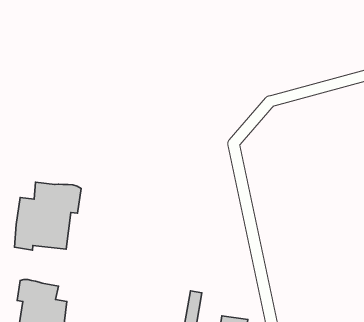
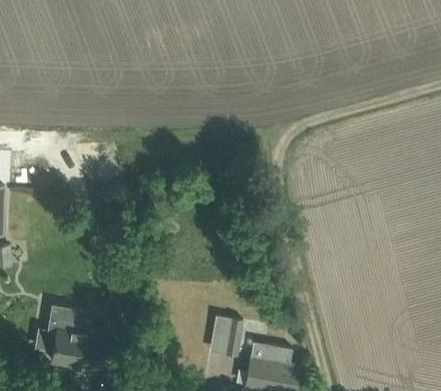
building: [14,182,81,250] -> none

